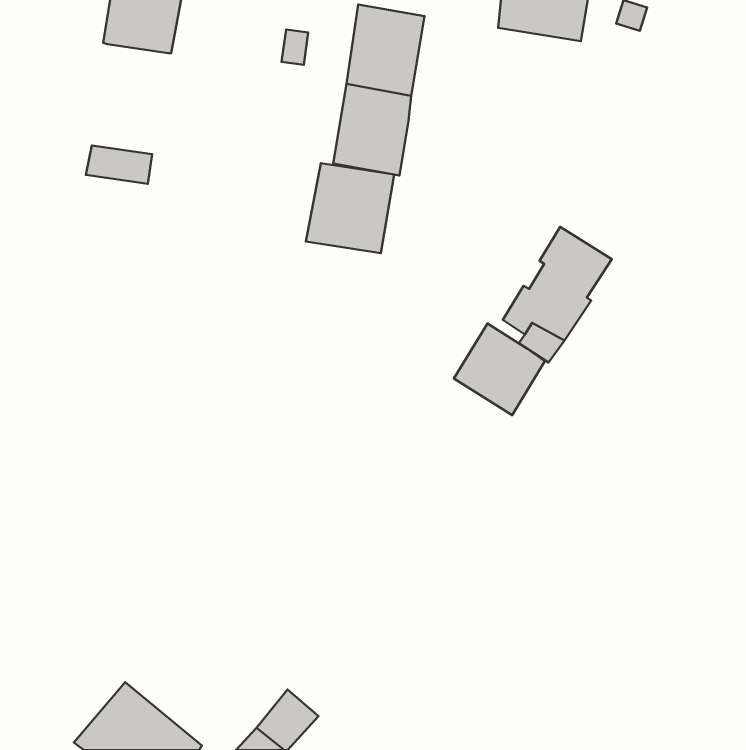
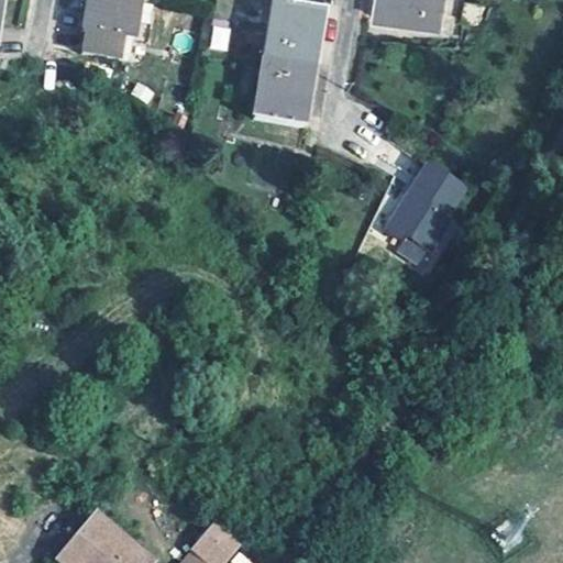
building: [86,145,152,184] -> [81,33,131,62]
building: [306,163,394,253] -> none
building: [454,324,545,415] -> none

